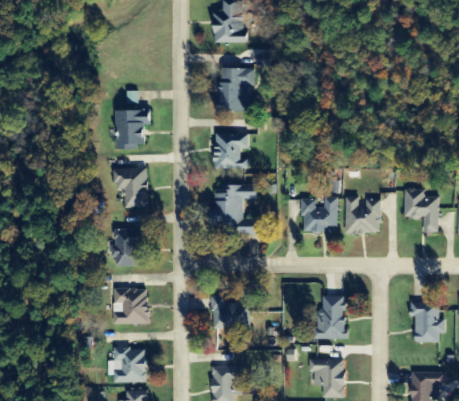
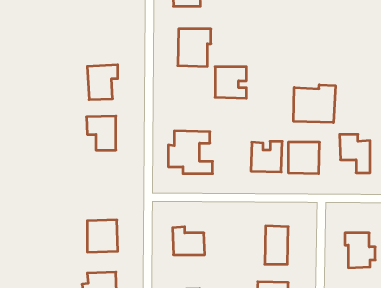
building: none -> [294,85,335,123]
building: [213,133,249,169] -> [215,67,246,98]
building: [112,229,139,265] -> none

